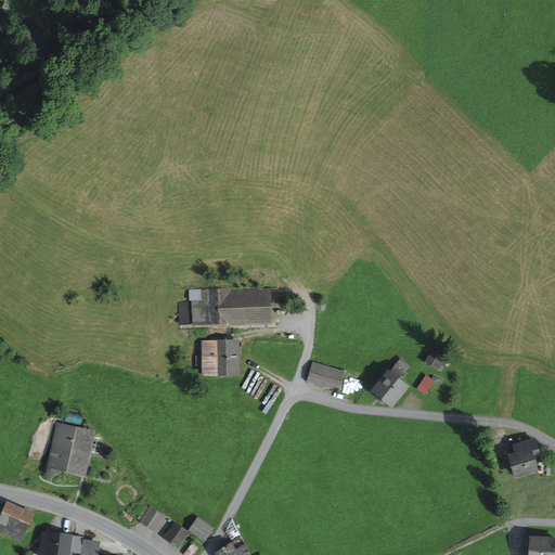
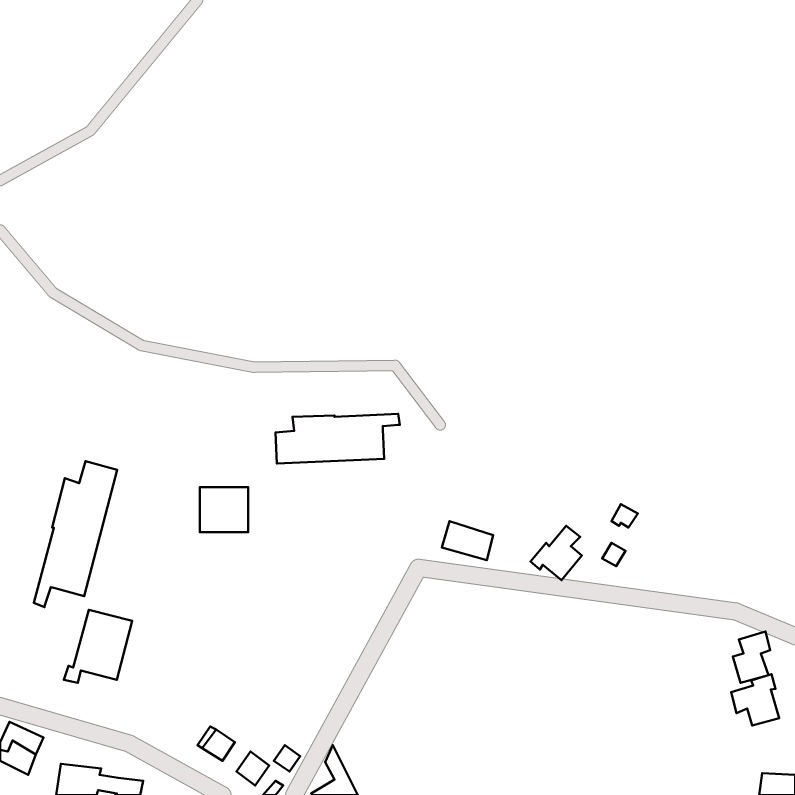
building: none -> [34,461,117,607]
building: [203,343,236,374] -> [200,487,248,532]
building: none -> [731,674,779,726]

